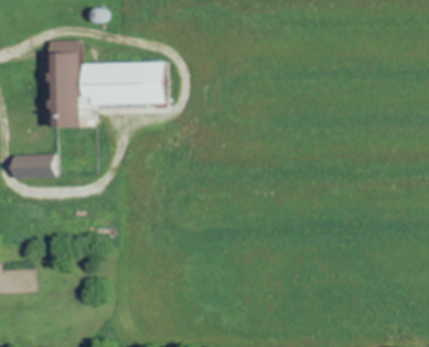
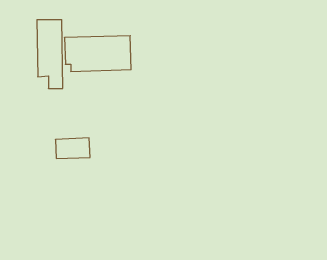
building: [11,154,54,179] -> [55,138,90,158]

